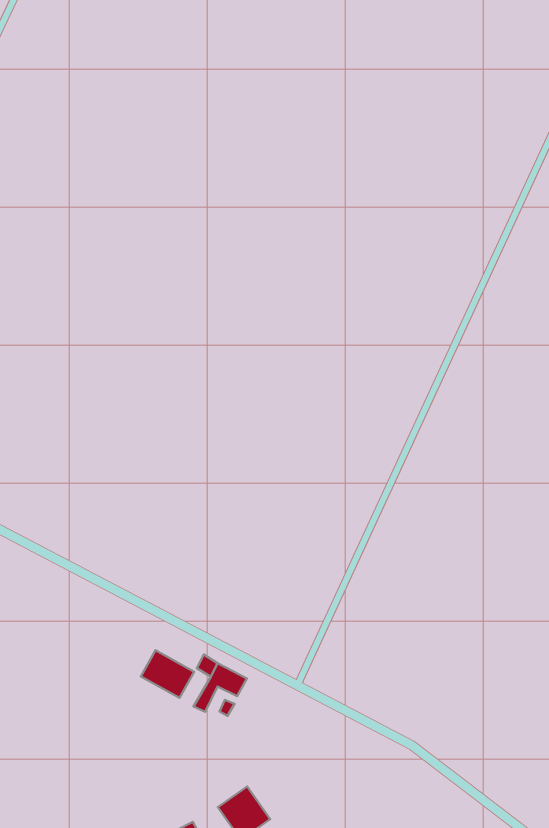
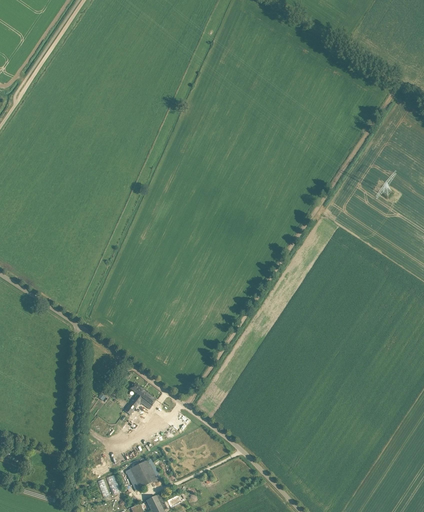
building: [141,650,194,698] -> none

